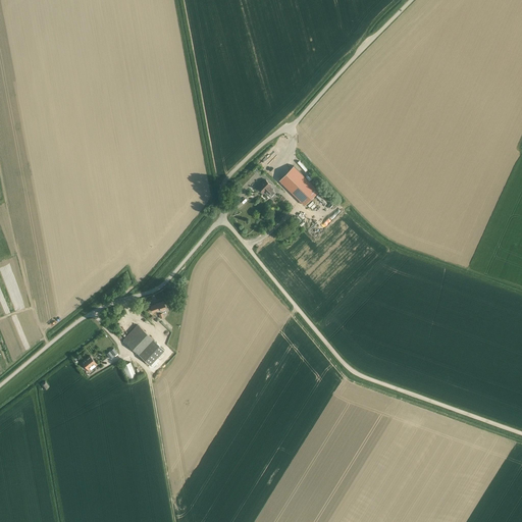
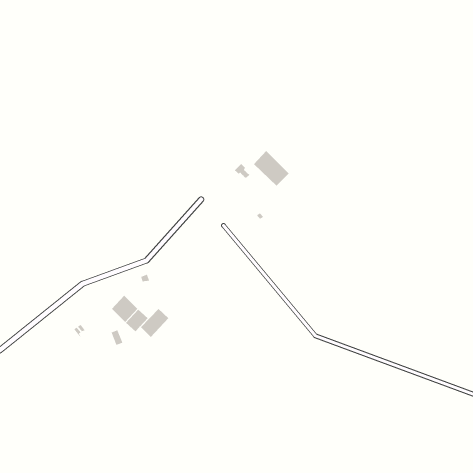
building: none -> [140,308,169,338]

